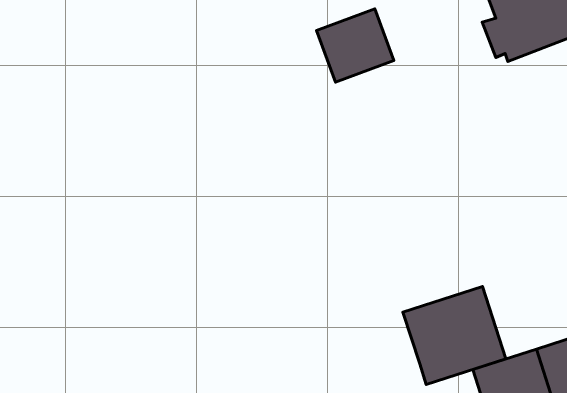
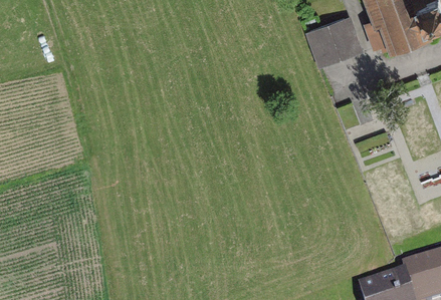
building: [317,9,394,82] -> [304,13,362,67]
building: [403,287,506,384] -> none

